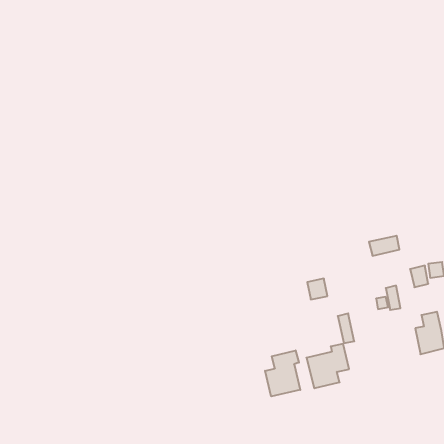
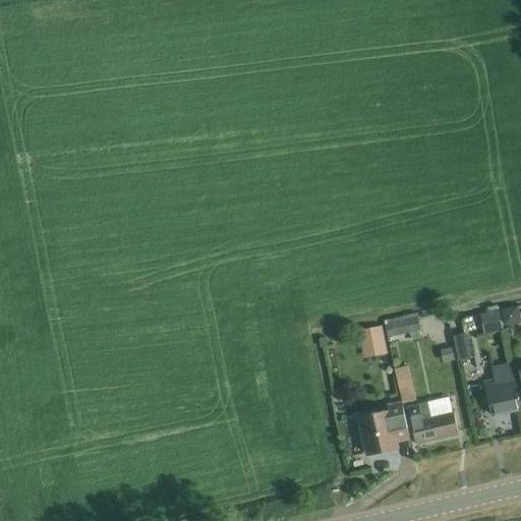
building: [369,236,399,256] -> [384,315,419,339]
building: none -> [407,397,457,443]
building: [265,350,300,396] -> none

